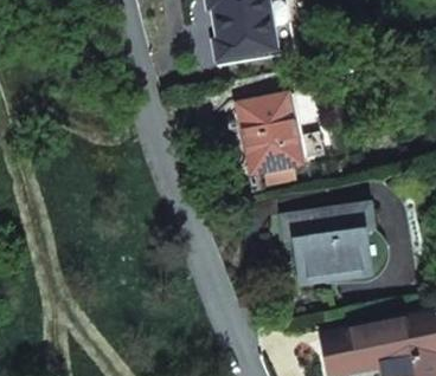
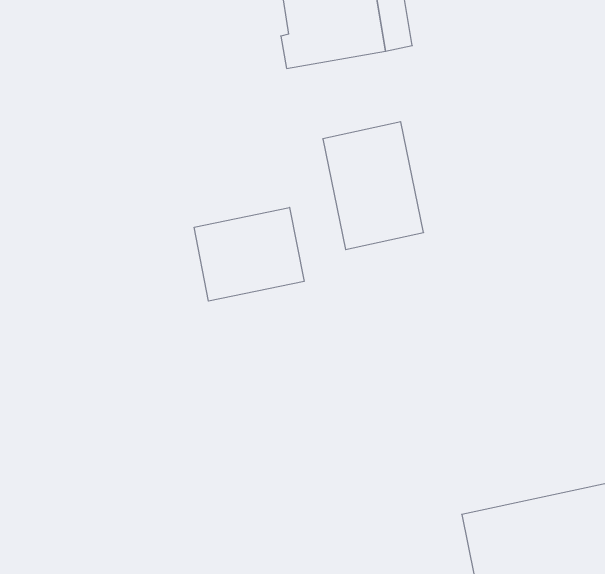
building: none -> [194,207,304,301]
building: [283,202,379,277] -> none

